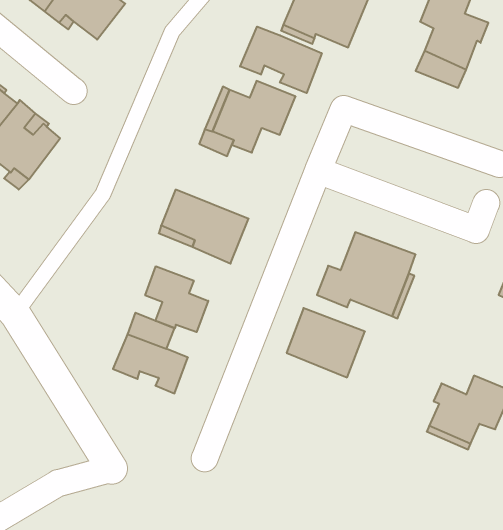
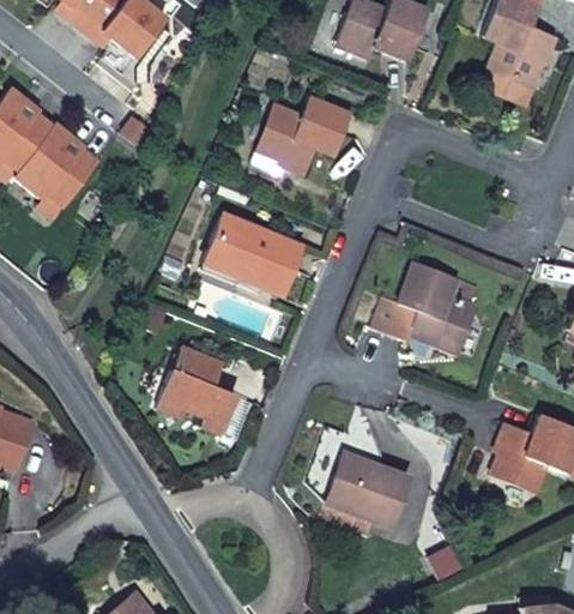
building: [240,27,322,93] -> none
building: [145,266,208,332] -> none
building: [287,308,365,377] -> [326,453,410,528]

